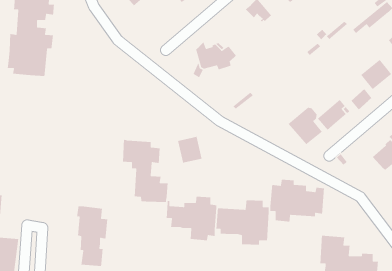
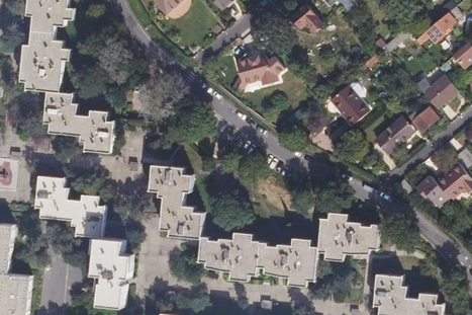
building: none -> [43,91,113,155]
building: [287,107,323,145] -> [327,81,368,125]
building: [177,136,203,164] -> none
building: none -> [413,175,449,208]
building: none -> [39,180,108,239]

